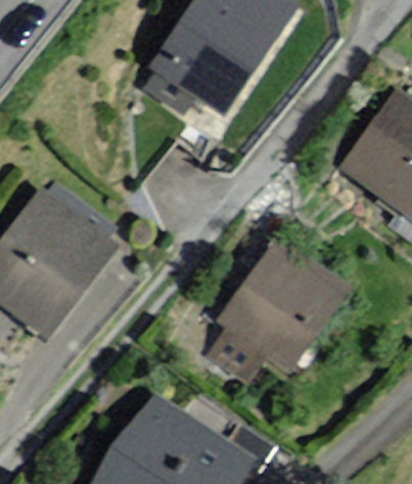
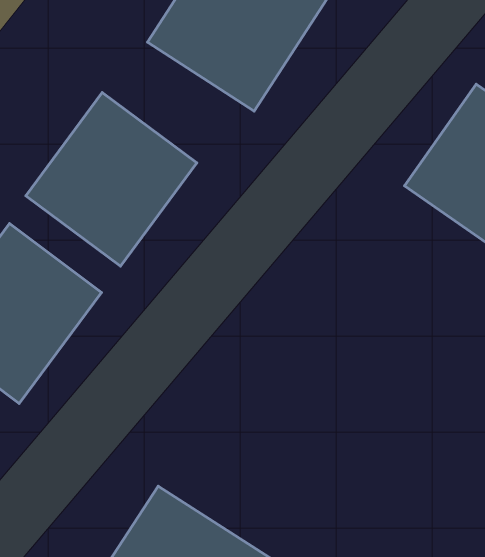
building: none -> [26,92,197,266]
building: [203,234,355,382] -> none

